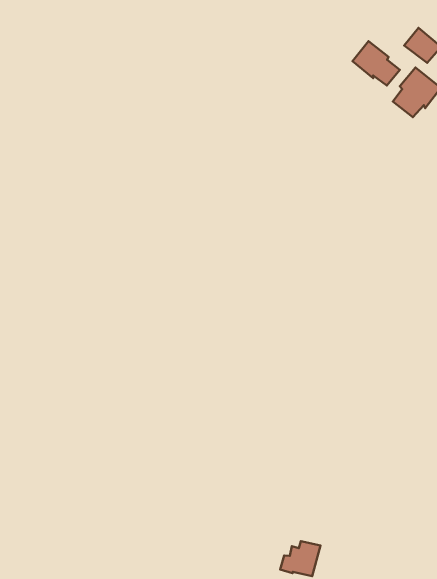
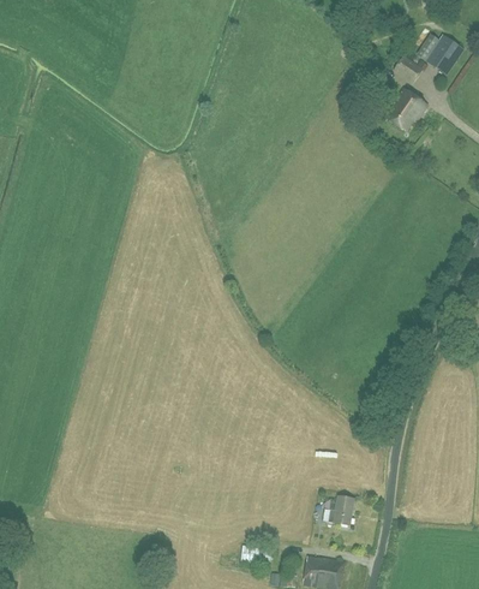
building: [352,41,400,85] -> none

